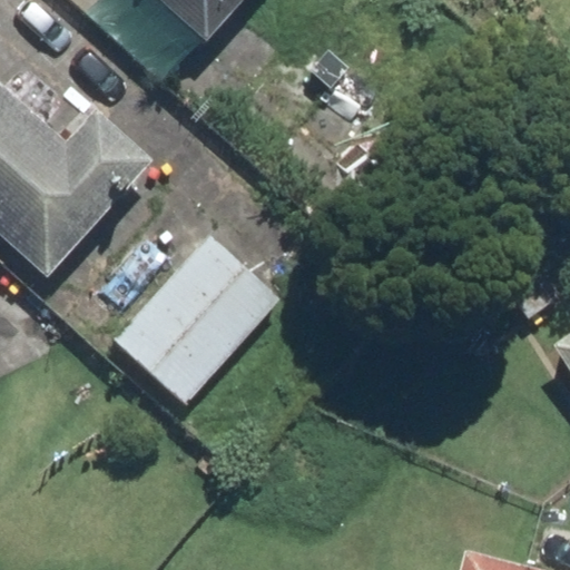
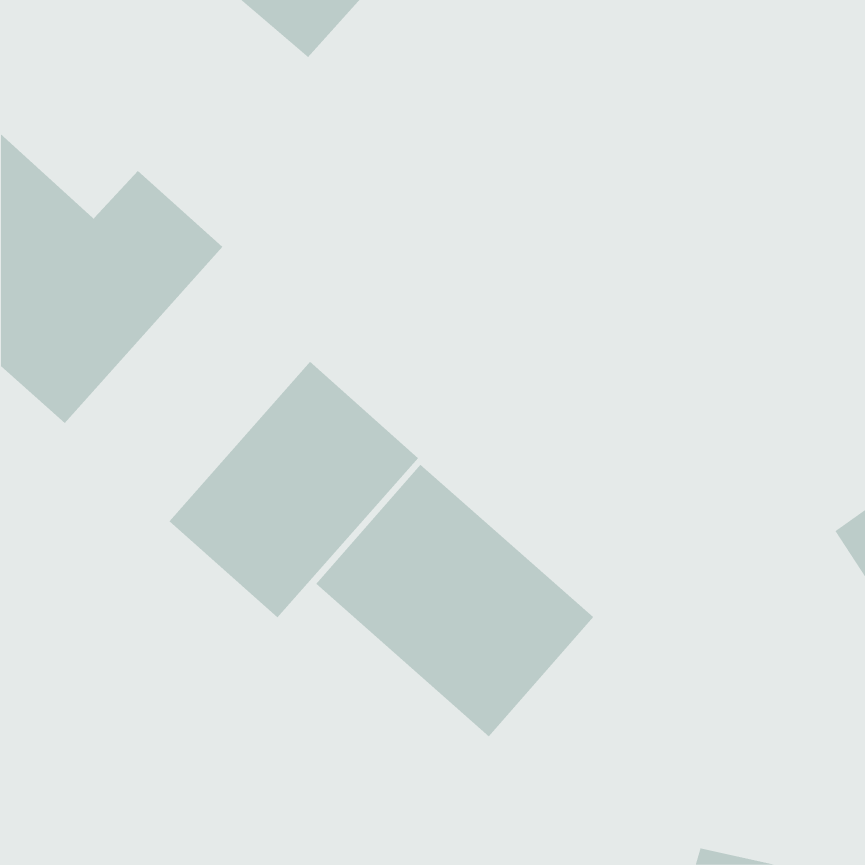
building: none -> [315,464,594,737]

